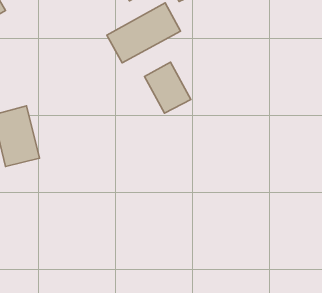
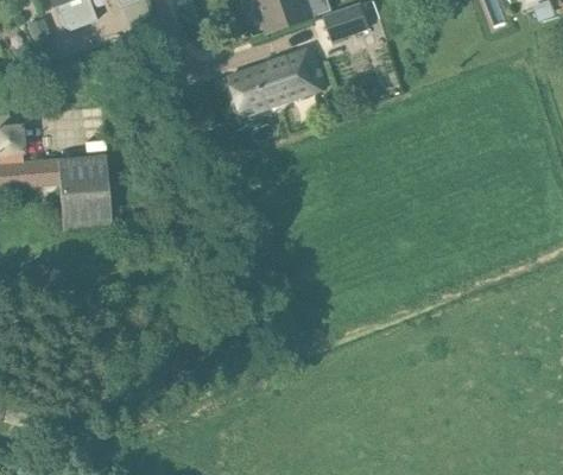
building: [145,62,191,113] -> none

